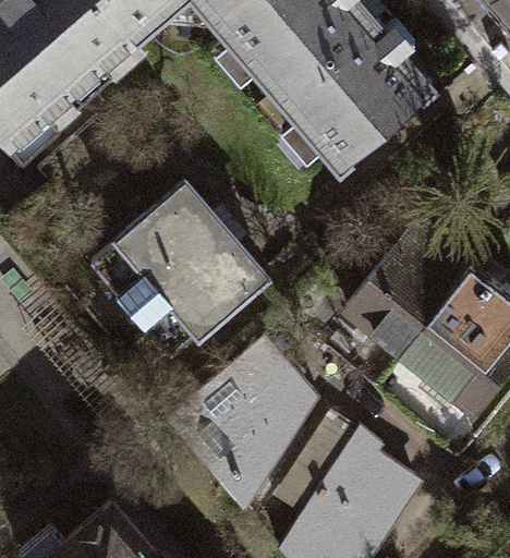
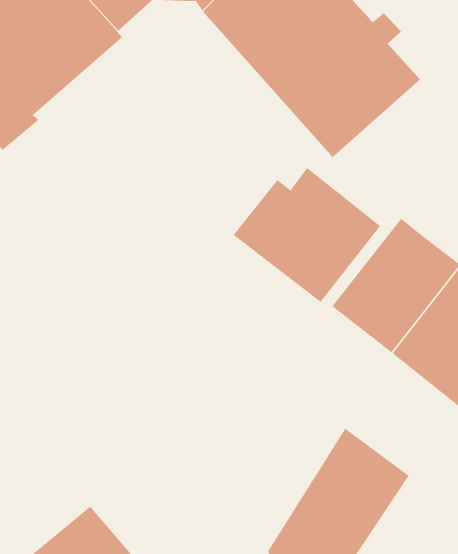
building: none -> [233,167,381,303]
building: [88,181,267,360] -> none
building: [167,339,320,517] -> none

